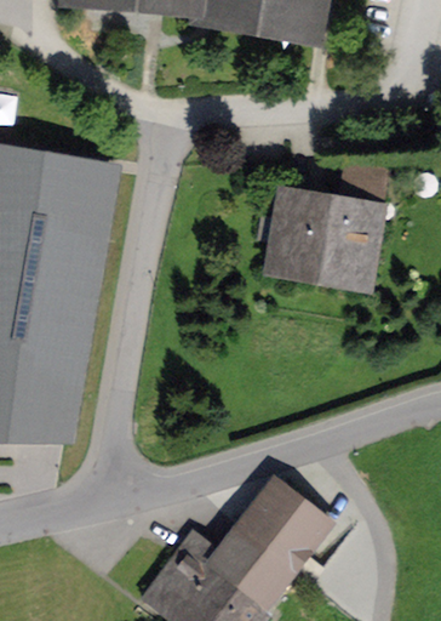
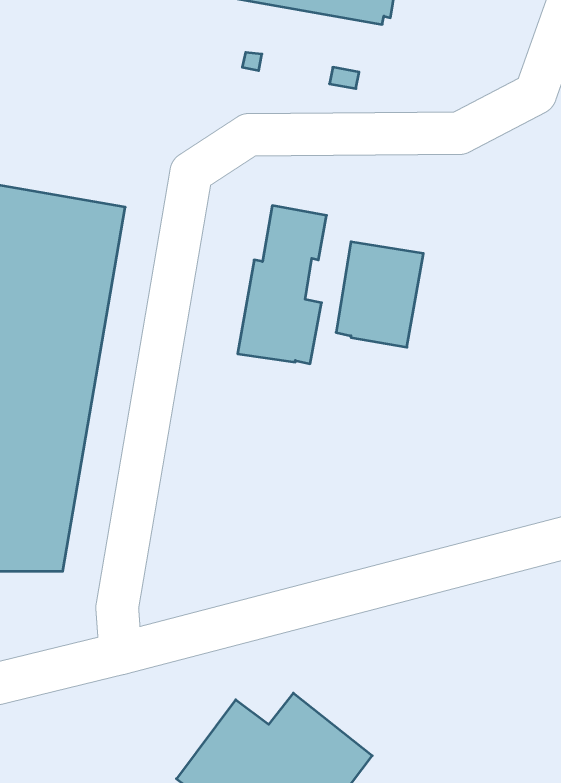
building: [320,164,385,280] -> [238,206,327,364]
building: [236,482,331,574] -> none

